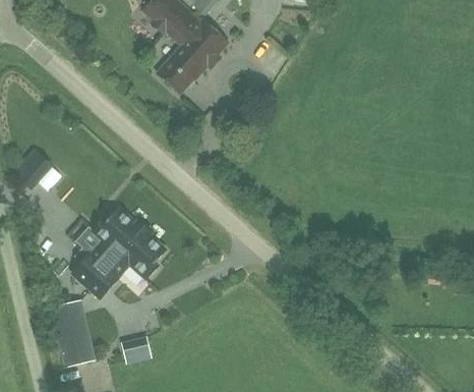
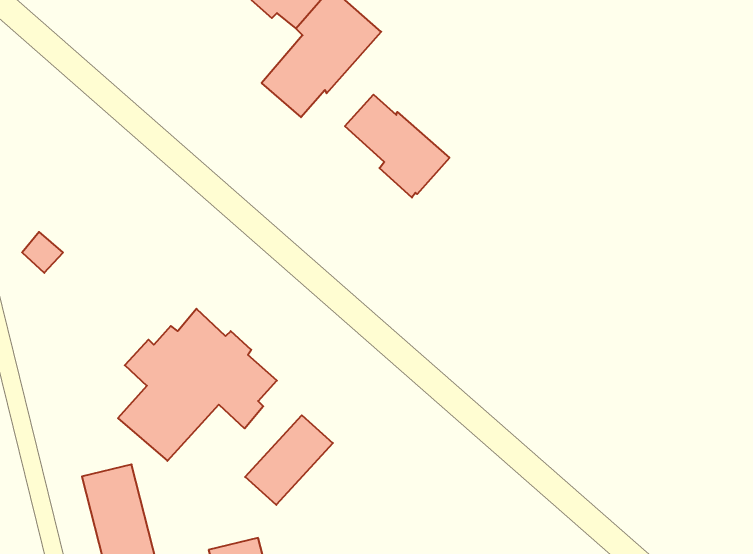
building: none -> [345,95,449,198]
building: none -> [245,415,333,505]

